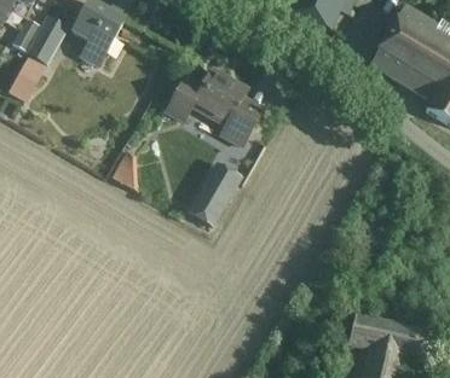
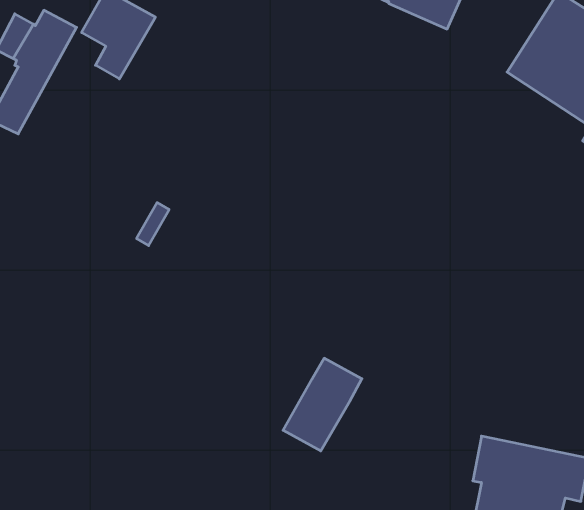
building: [166,70,258,145] -> none
building: [186,162,242,227] -> [283,358,362,451]

